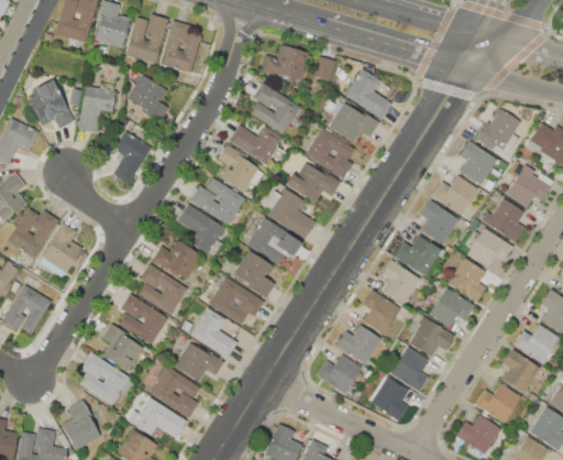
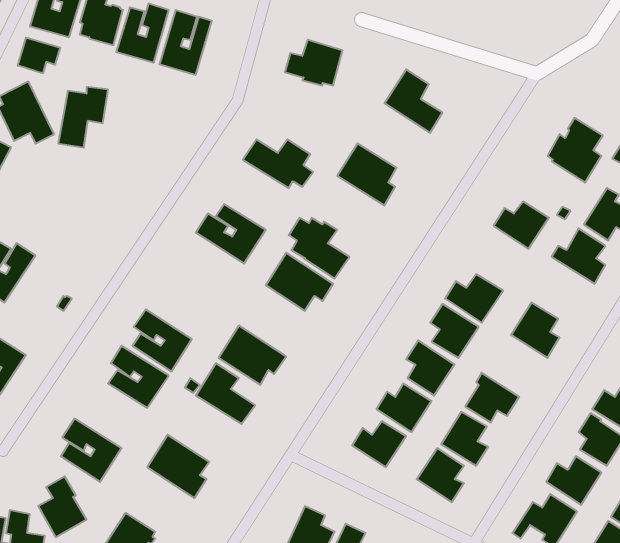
building: none -> [18,38,60,73]
building: [313,56,340,83] -> none
building: [129,75,168,119] -> none
building: [251,83,300,134] -> none
building: [329,103,379,143] -> none
building: [112,131,153,185] -> none
building: [460,141,497,185] -> none
building: [218,144,264,193] -> none
building: [286,163,341,202] -> none
building: [420,200,459,245] -> none
building: [178,205,224,254] -> none
building: [41,222,82,277] -> none
building: [464,228,514,266] -> none
building: [152,241,201,280] -> none
building: [234,251,276,299] -> none
building: [429,288,475,327] -> none
building: [102,324,144,372] -> none
building: [174,342,225,382] -> none
building: [129,398,187,439] -> none

